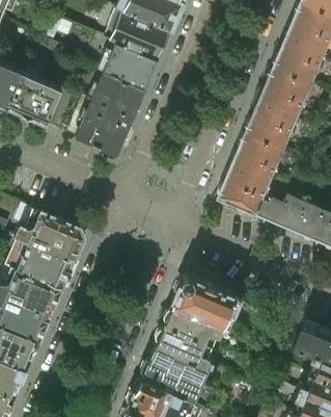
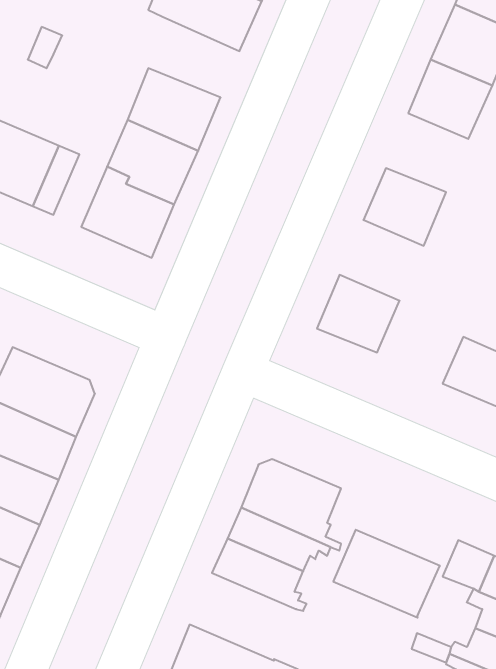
building: [102,6,170,59] -> none
building: [258,69,308,116] -> none
building: [230,133,281,182] -> none
building: [253,197,305,232] -> none
building: [140,346,204,399] -> [333,530,440,618]

